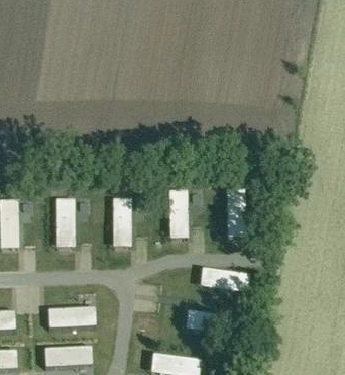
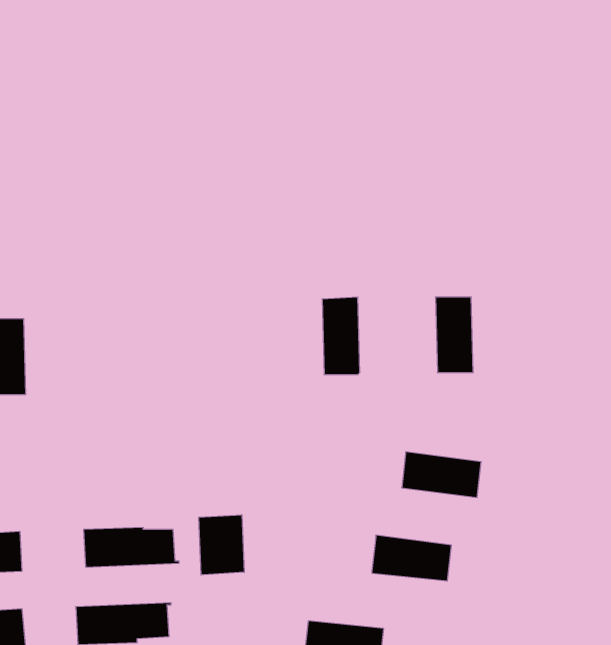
building: [112,199,131,238] -> none
building: [55,200,75,239] -> none
building: none -> [199,515,244,575]

